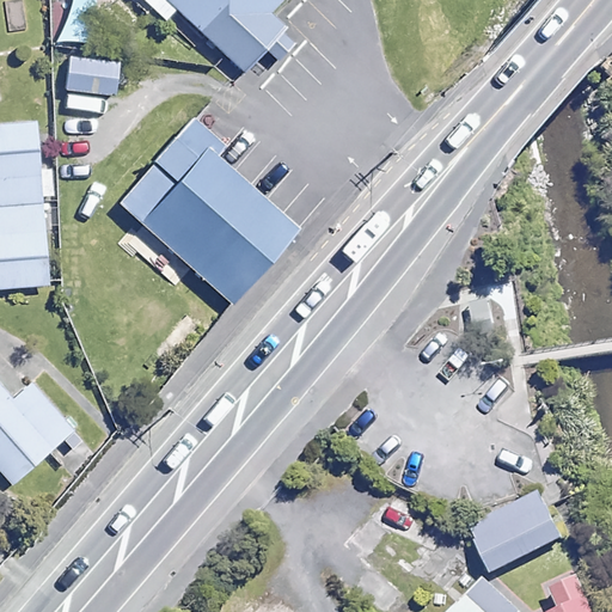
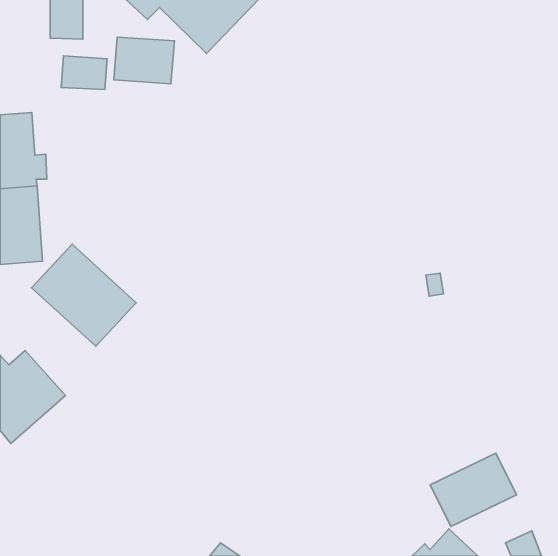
building: none -> [114,37,174,84]
building: [114,117,289,290] -> none
building: none -> [32,244,136,346]

